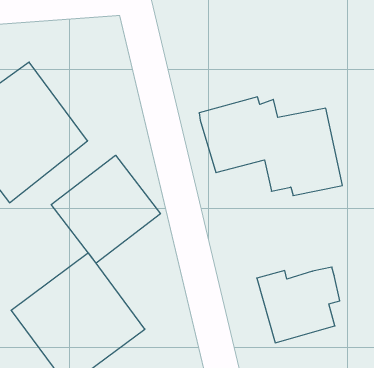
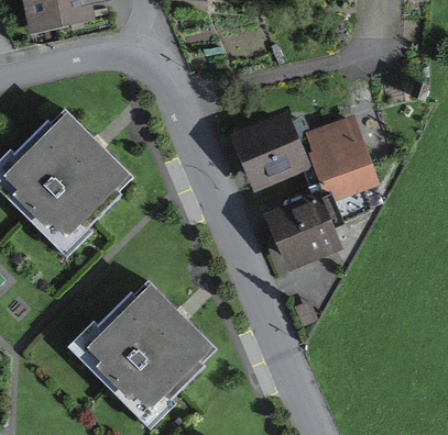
building: [51,155,160,263] -> none
building: [257,267,340,343] -> [261,193,342,272]

